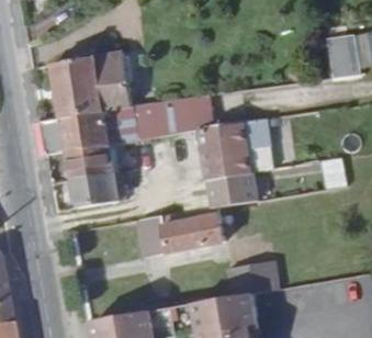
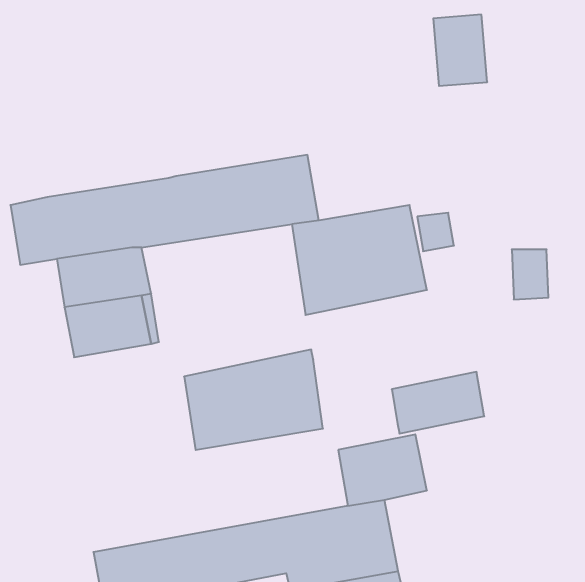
building: [328,33,359,74] -> [433,15,487,86]
building: [53,52,129,117] -> none
building: [207,174,260,210] -> [392,372,484,434]

